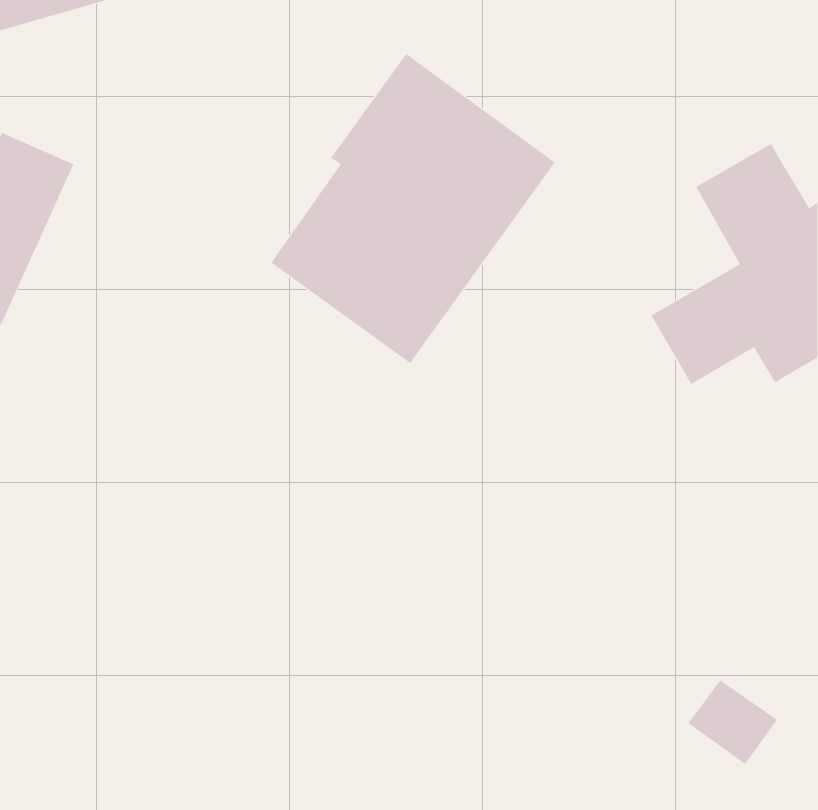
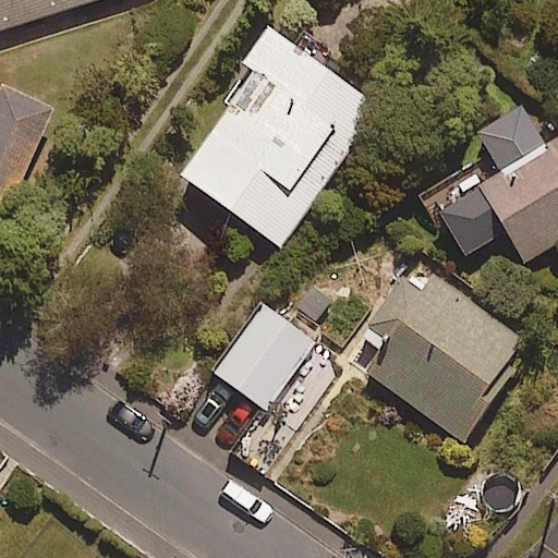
building: none -> [344,248,526,436]
building: none -> [217,305,314,408]

